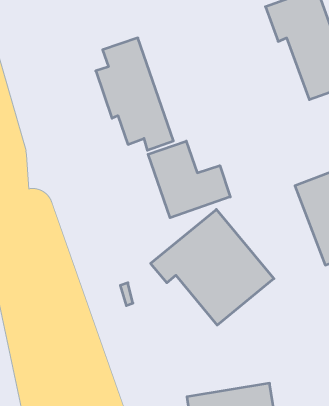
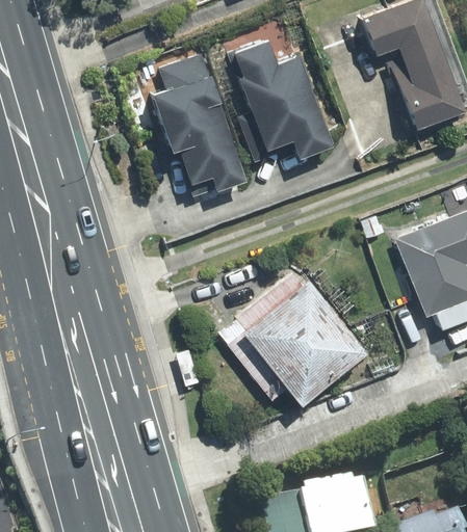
building: none -> [228,37,334,158]
building: [148,141,230,218] -> none

